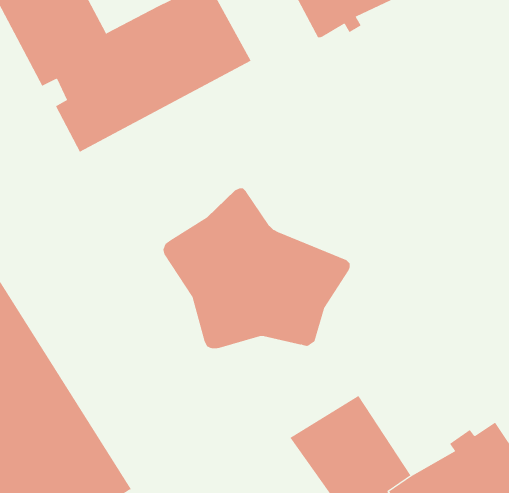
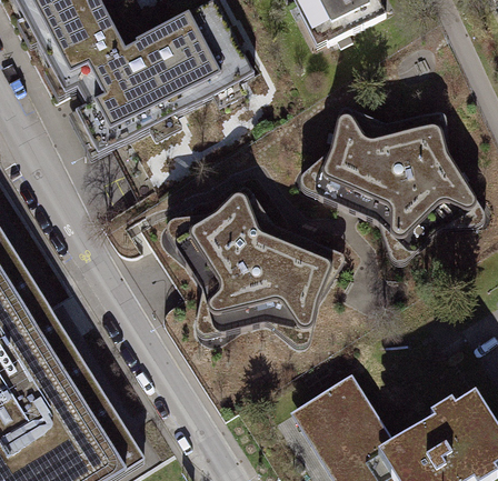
building: none -> [315,107,477,251]

